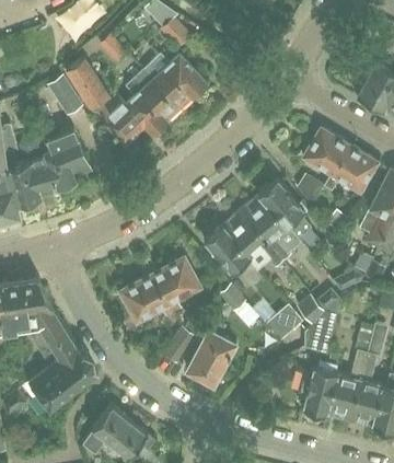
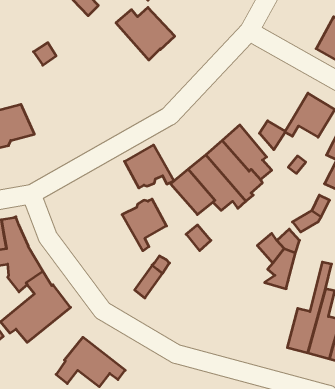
building: [65,59,179,144] -> none
building: [302,128,348,175] -> none
building: [42,129,90,189] -> none
building: [120,275,173,321] -> [124,145,174,188]
building: [265,305,302,343] -> none
building: [185,320,235,384] -> none
building: [298,361,337,416] -> none

